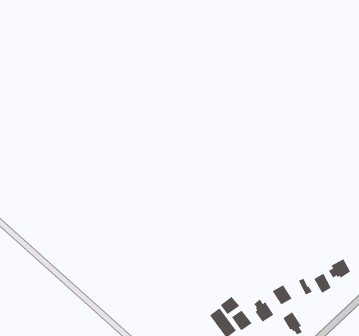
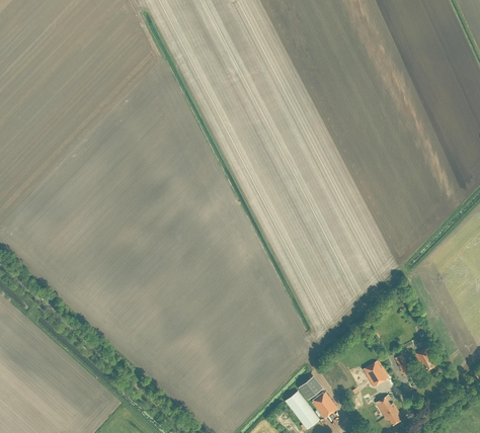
building: [328,258,351,279] -> none
building: [253,299,274,322] -> none

